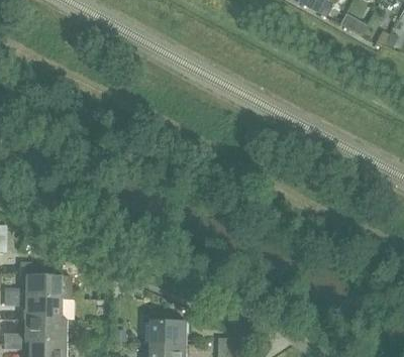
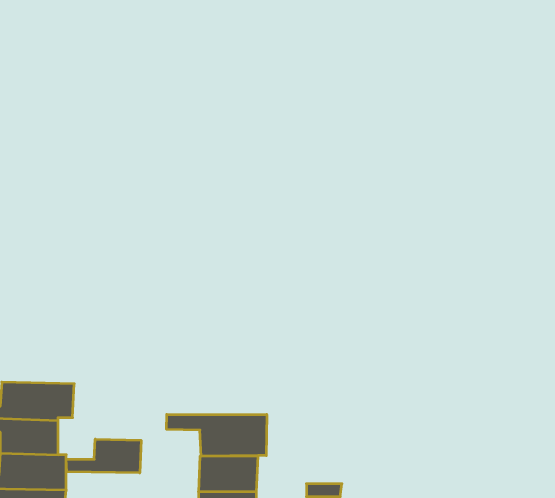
building: none -> [167,414,267,456]
building: none -> [66,439,141,473]

